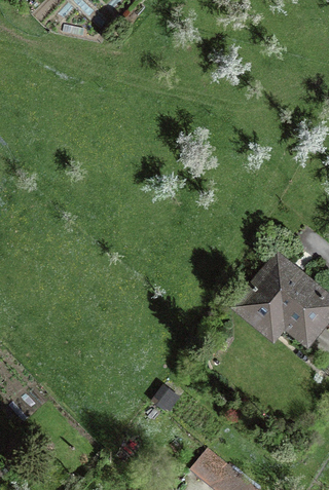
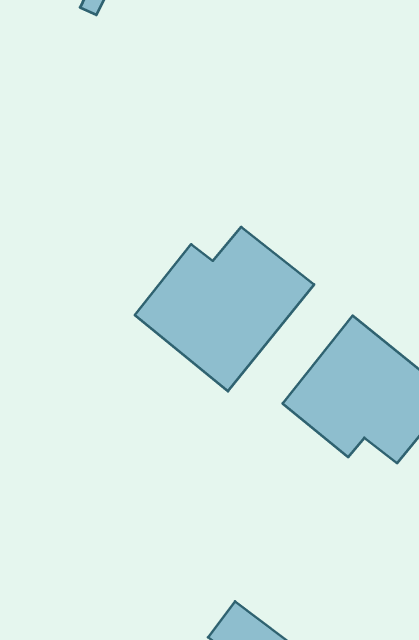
building: none -> [135,227,314,391]

